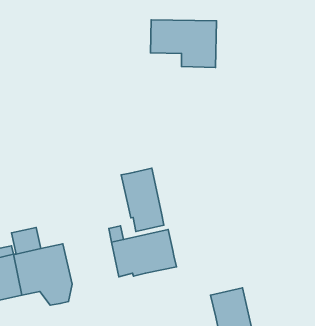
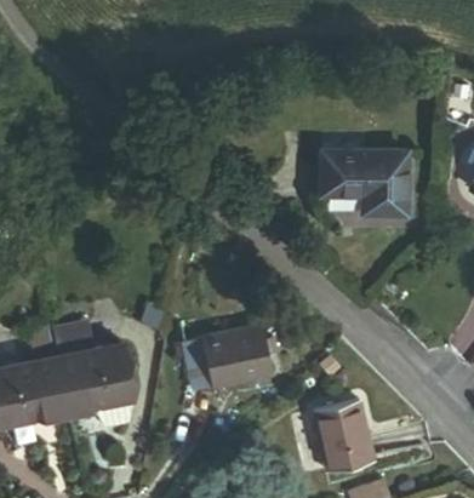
building: [150,20,216,67] -> [320,153,407,216]
building: [121,168,164,232] -> none

